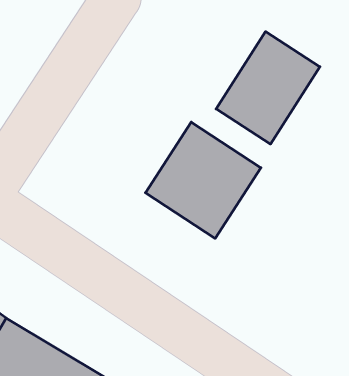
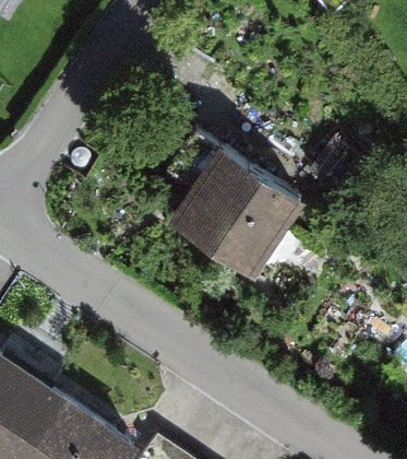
building: [216,32,320,144] -> none

